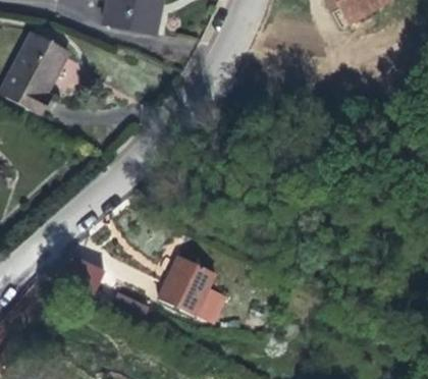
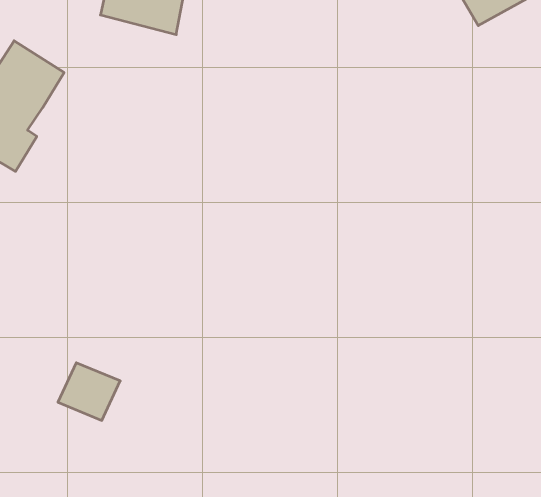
building: [164,262,218,318] -> none

